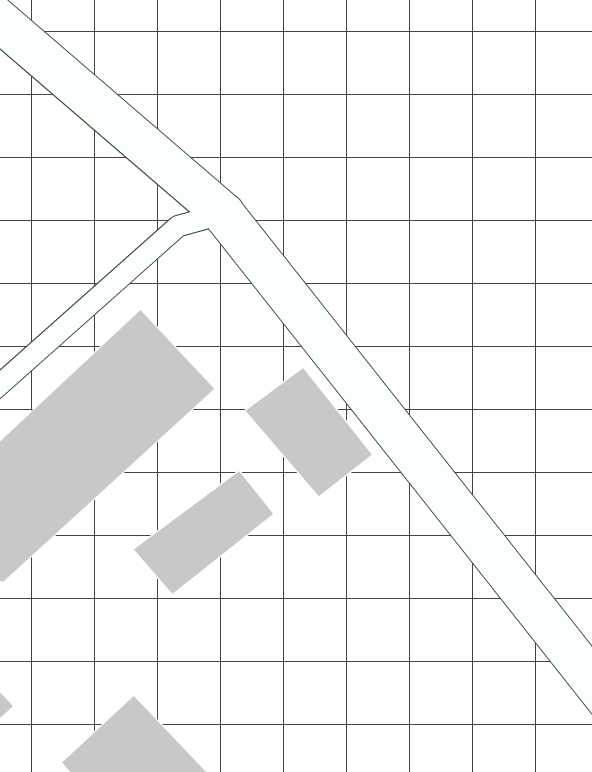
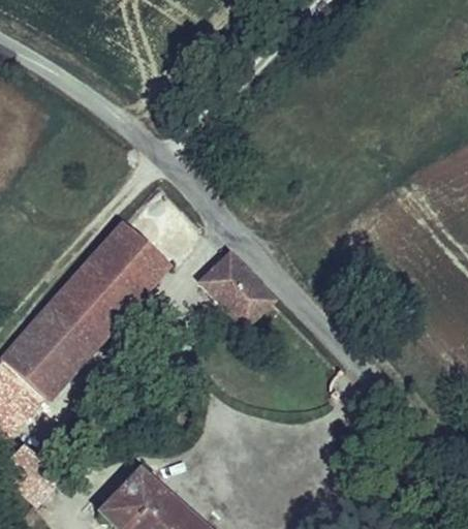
building: [133,470,274,595] -> none

